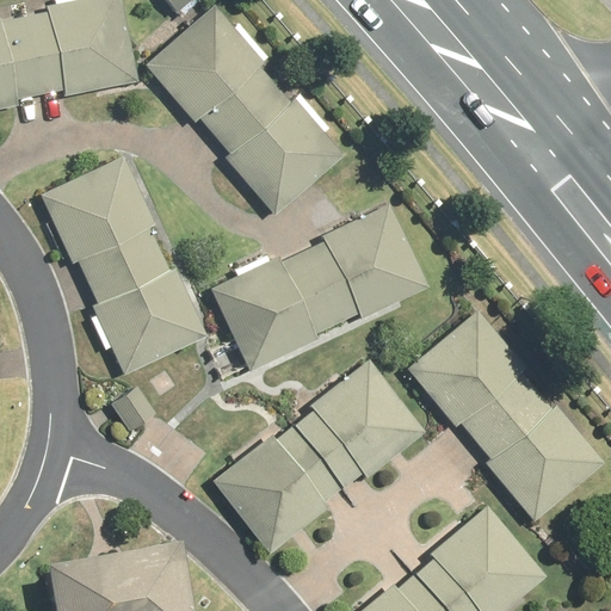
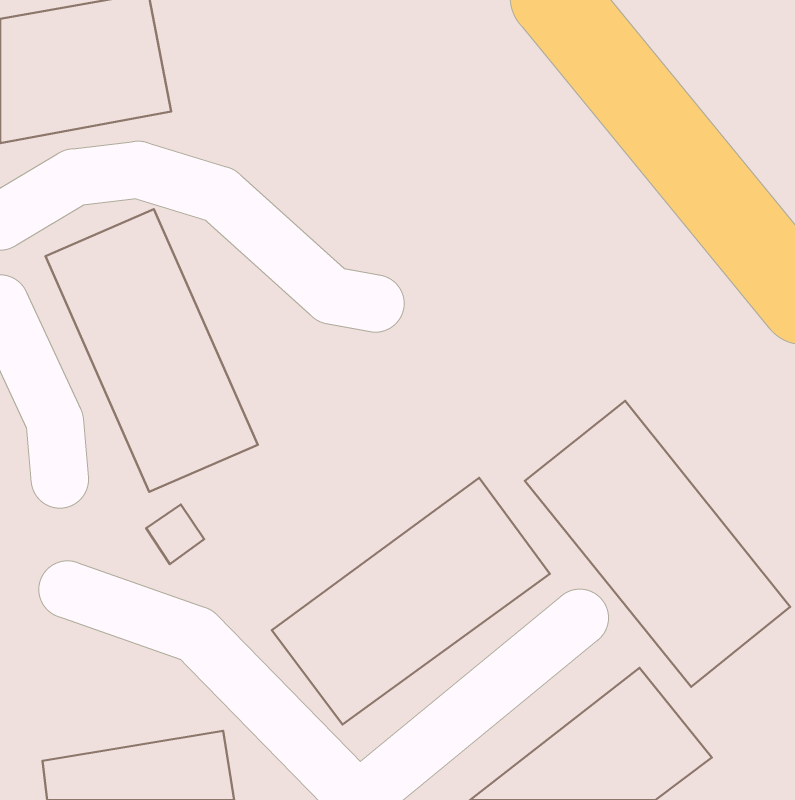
building: [144,6,346,217] -> none
building: [209,204,431,370] -> none

